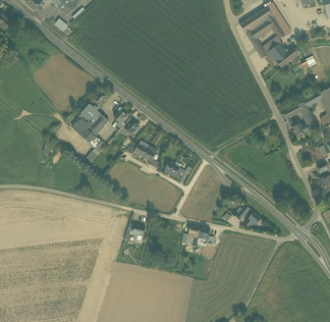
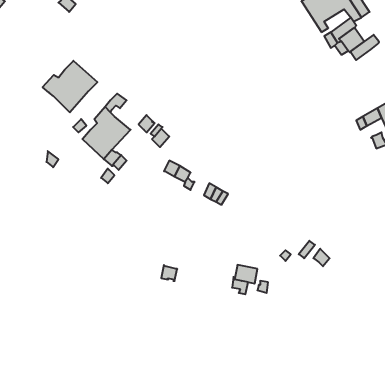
building: none -> [43,61,97,112]

